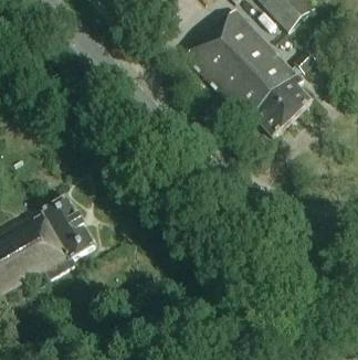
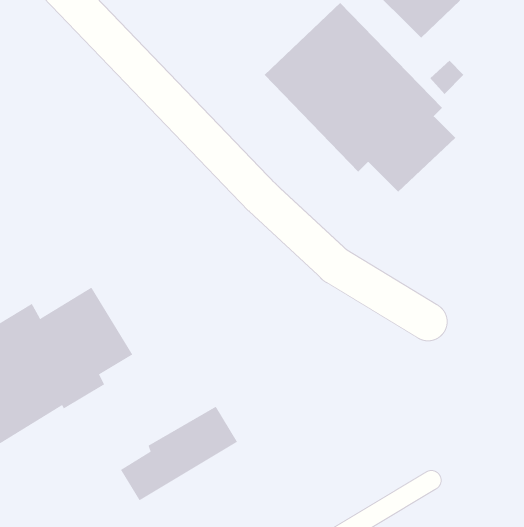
building: none -> [120,406,238,501]

